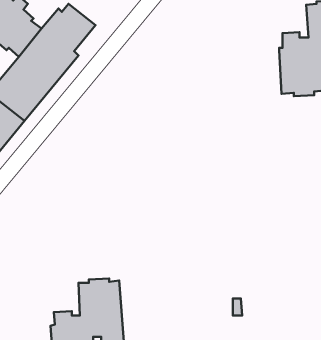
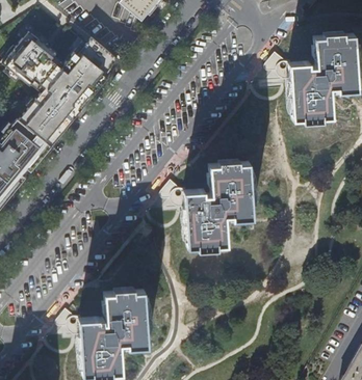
building: none -> [183,159,251,248]

